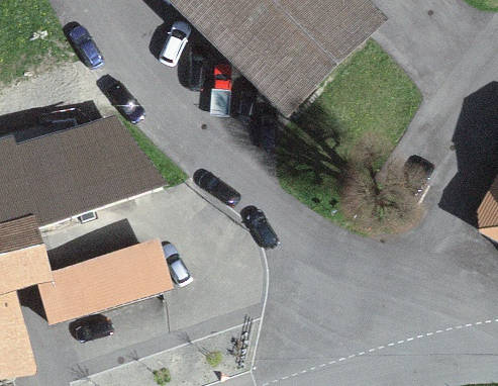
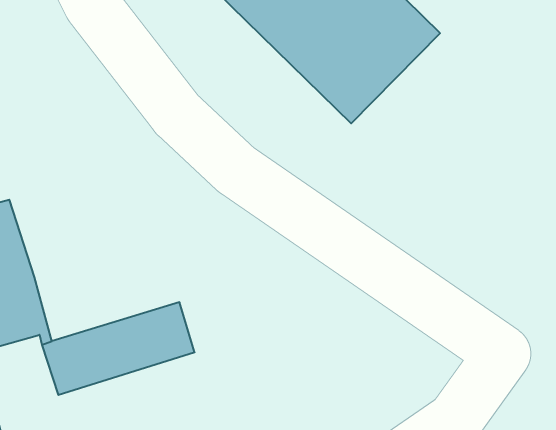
building: [10,116,161,228] -> none

